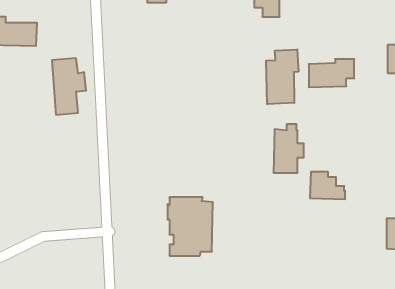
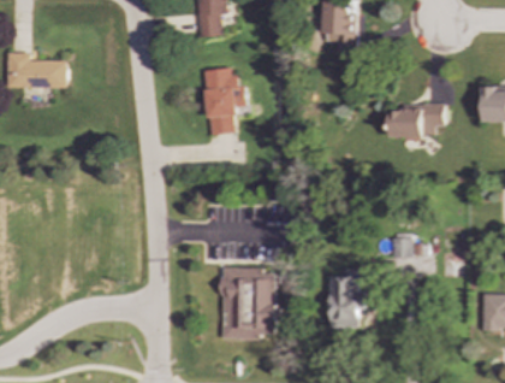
building: [266,49,298,104] -> none
building: [52,58,86,115] -> [204,67,245,135]
building: [273,124,304,173] -> [331,270,367,328]

